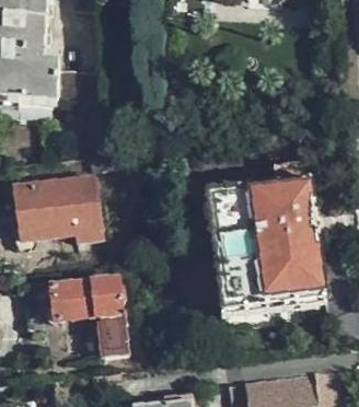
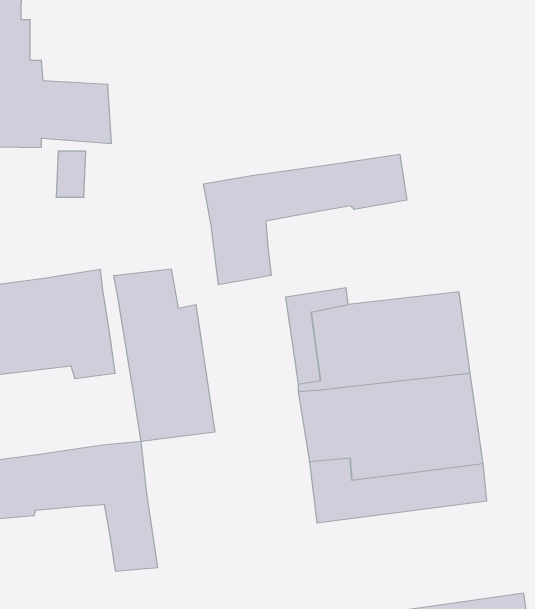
building: none -> [203,154,407,285]
building: none -> [114,269,215,442]

